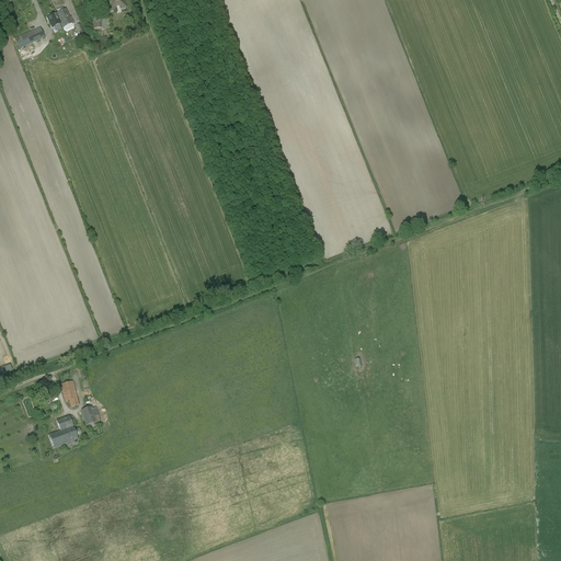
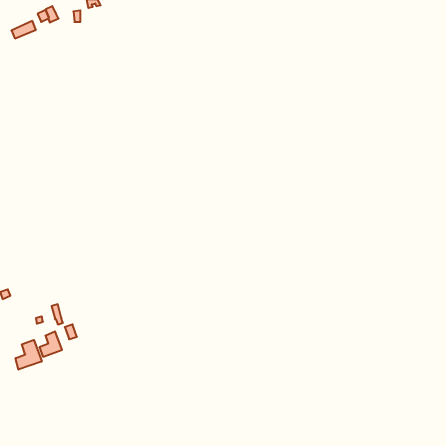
building: none -> [16,340,42,370]

